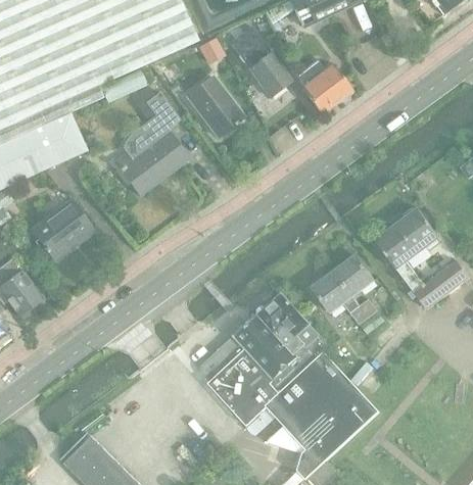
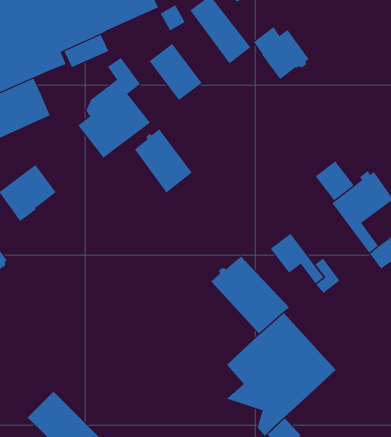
building: none -> [134,128,192,194]
building: [333,254,374,296] -> [315,160,355,201]
building: [201,321,300,433] -> none

